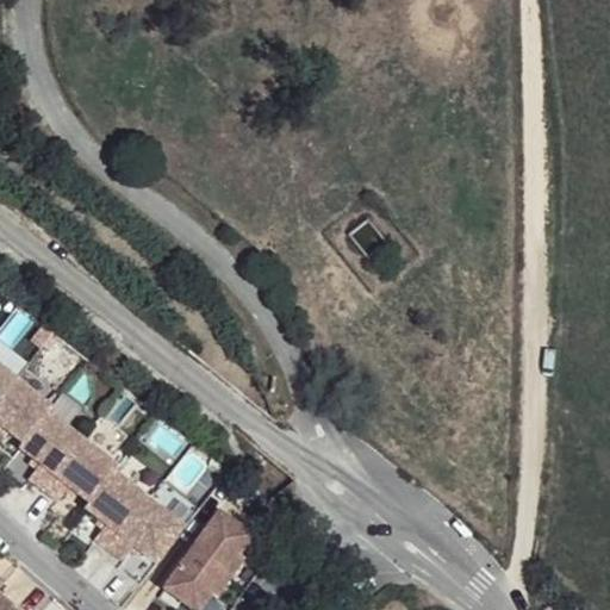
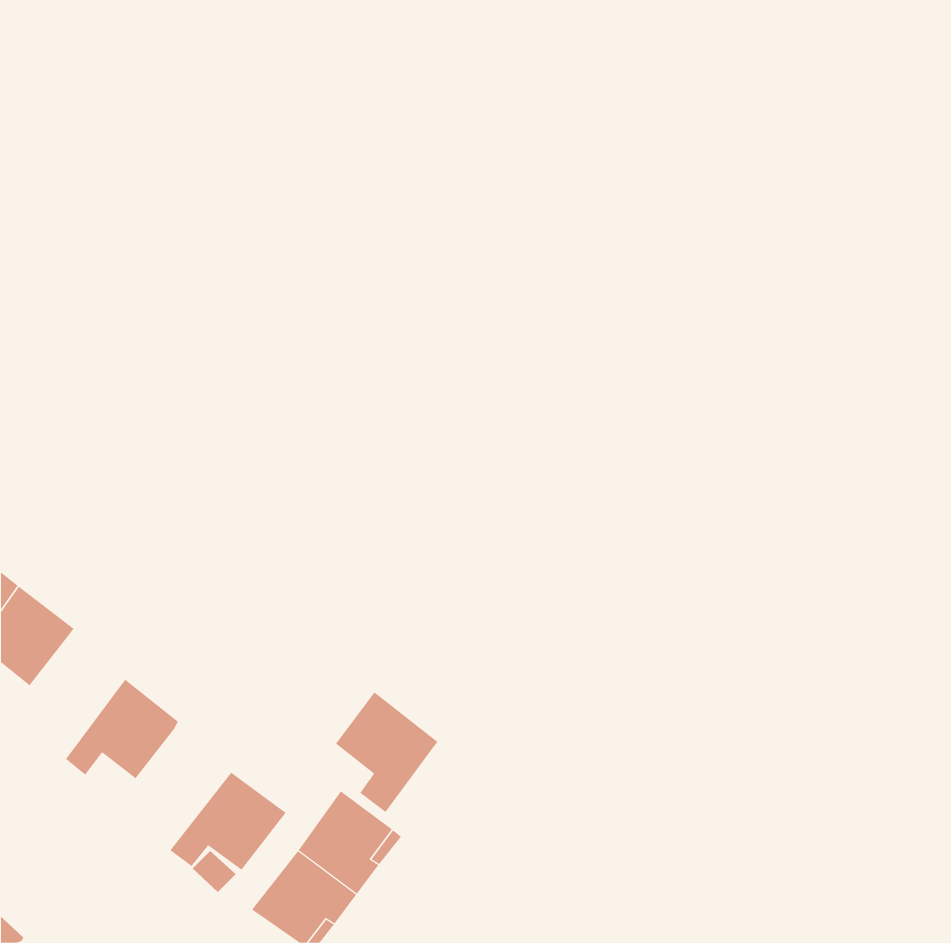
building: [15,407,80,486] -> none
building: none -> [335,692,438,813]
building: [83,467,148,544] -> none

